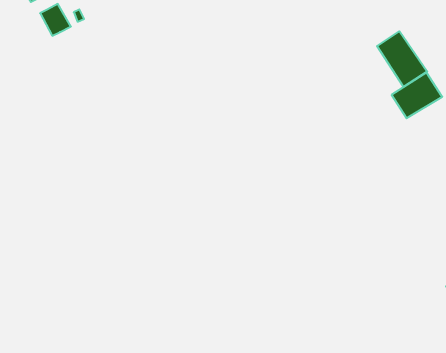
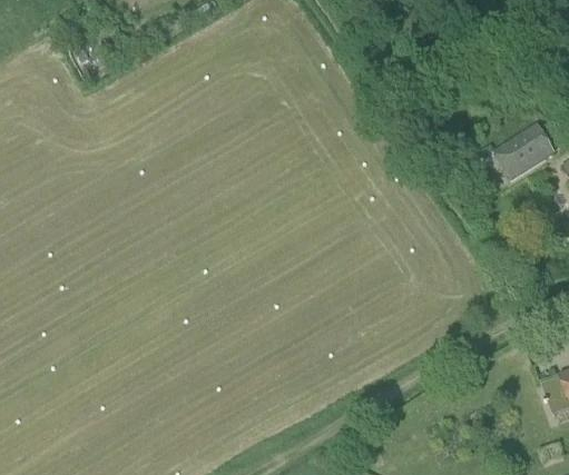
building: [377,31,427,87] -> none

